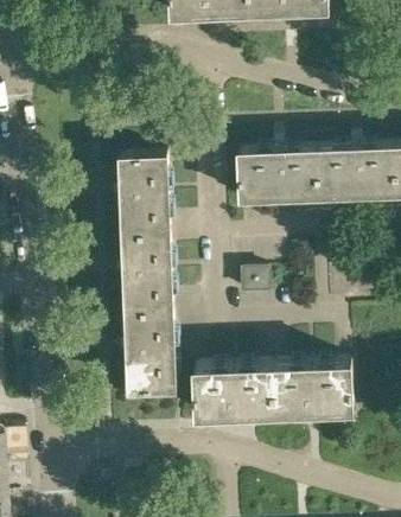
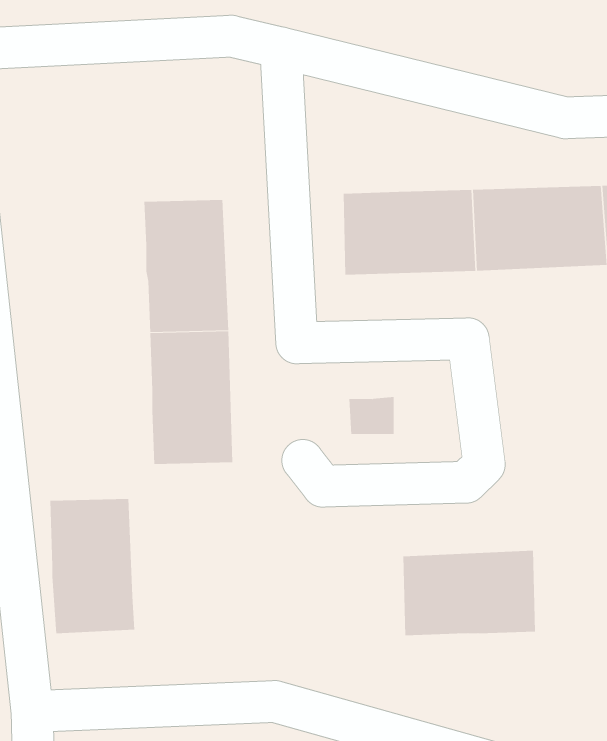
building: [127,308,178,389] -> [50,498,135,634]
building: [196,364,276,414] -> none

